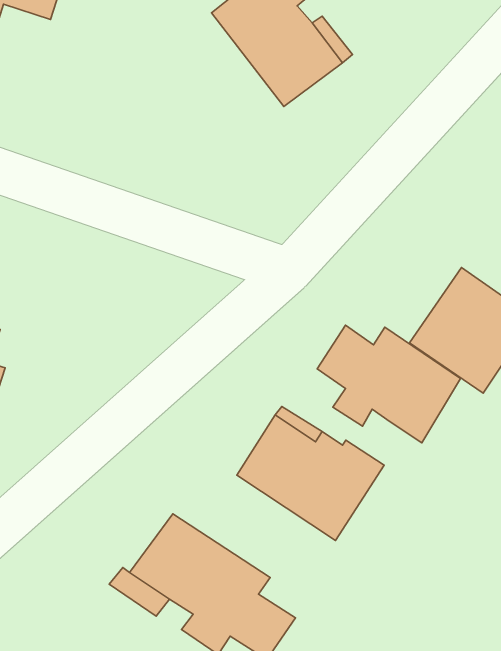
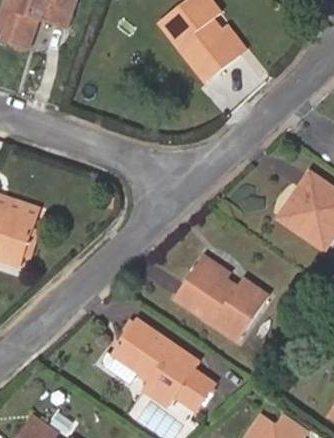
building: [317,325,461,443] -> none

